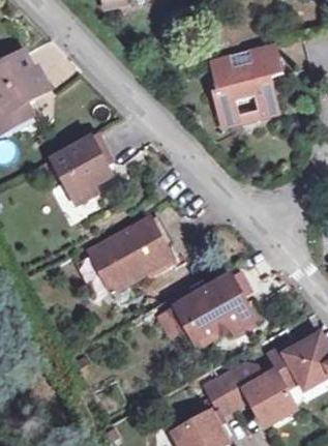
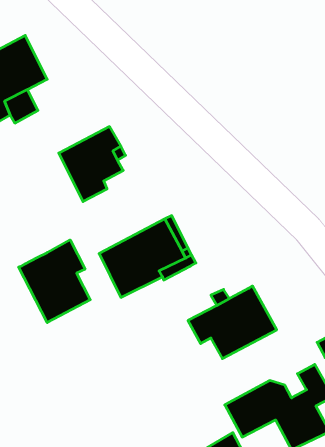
building: [207,43,284,119] -> none
building: none -> [19,240,90,323]

